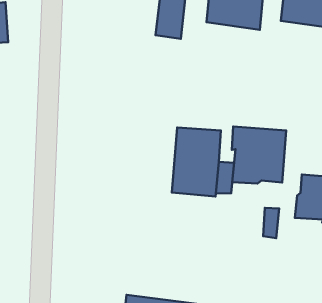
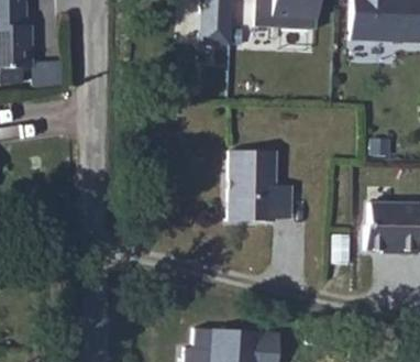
building: [232,126,286,184] -> none

